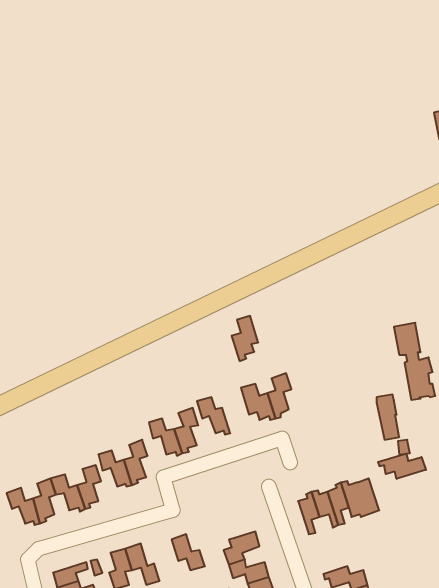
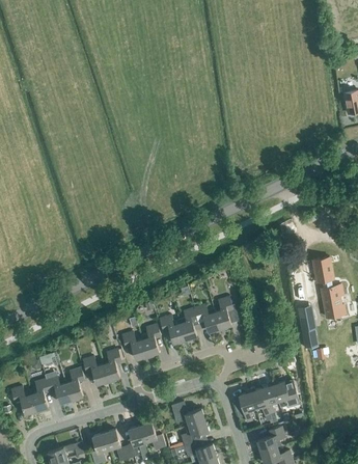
building: [232,316,258,361] -> [178,307,199,343]
building: [378,454,426,479] -> none
building: none -> [170,401,204,425]
building: none -> [126,426,149,459]
building: none -> [255,426,284,453]

